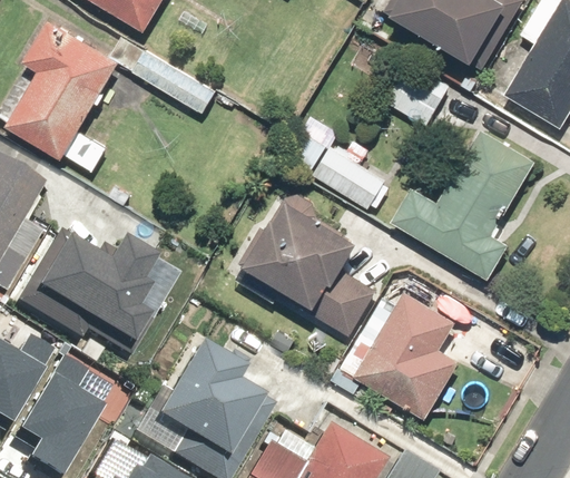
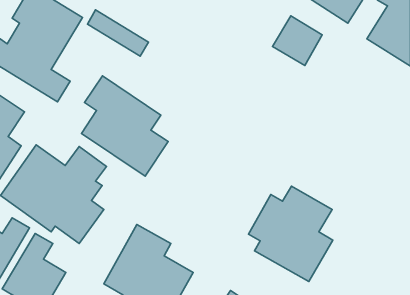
building: [287,126,385,208] -> none
building: [390,126,539,279] -> none
building: none -> [82,76,168,176]
building: [238,186,380,332] -> none

